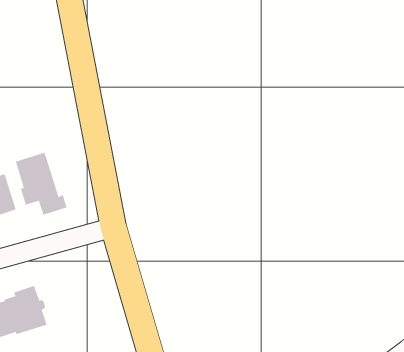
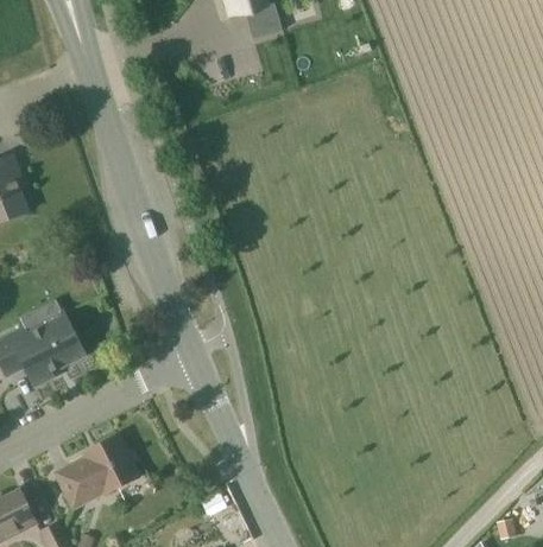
building: [15,152,67,216] -> none

